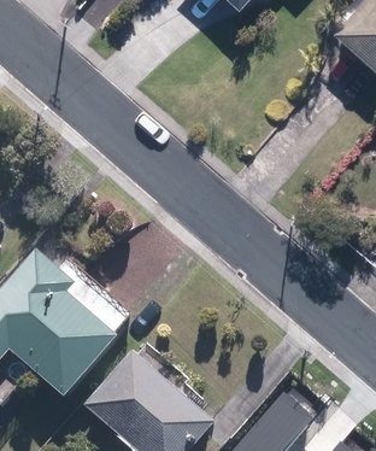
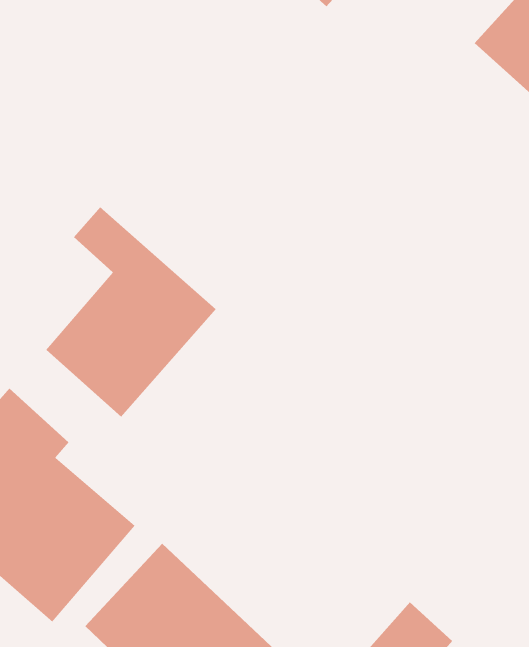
building: none -> [45,206,217,417]

